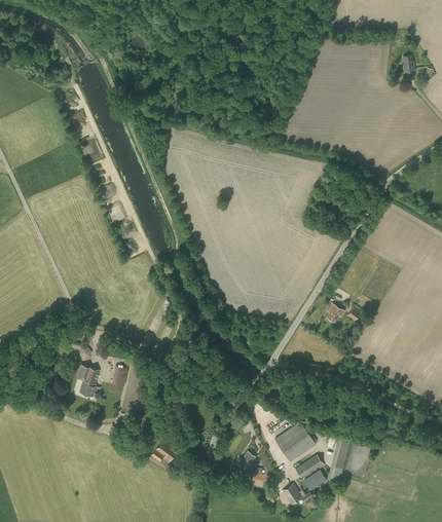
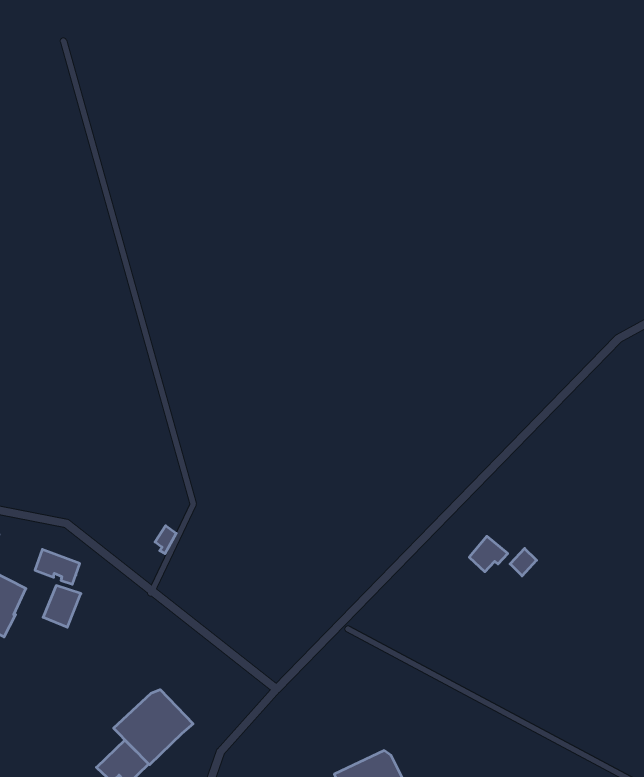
building: none -> [114,690,193,765]

